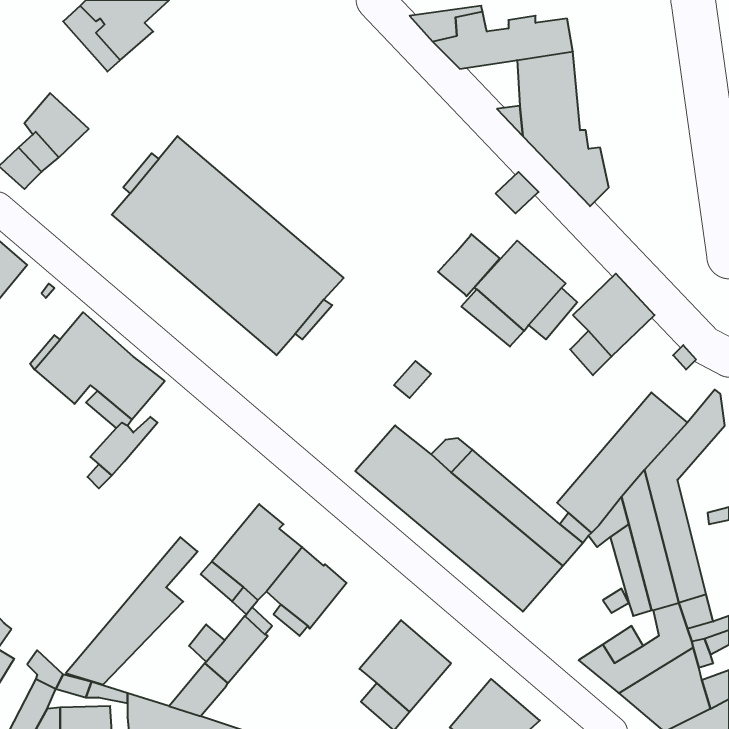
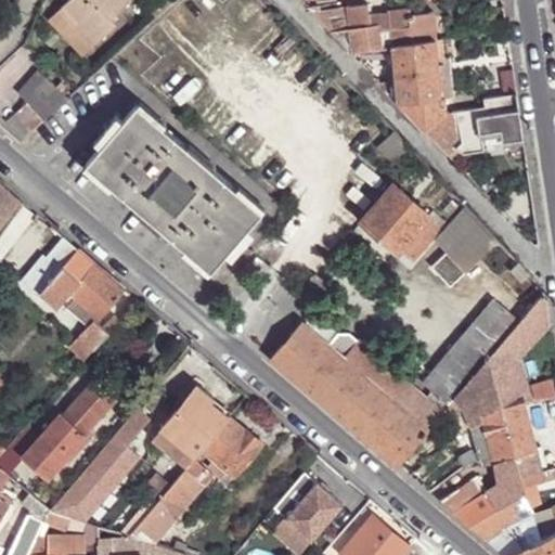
building: none -> [454,95,521,157]
building: [438,234,500,296] -> none
building: none -> [23,380,120,480]

